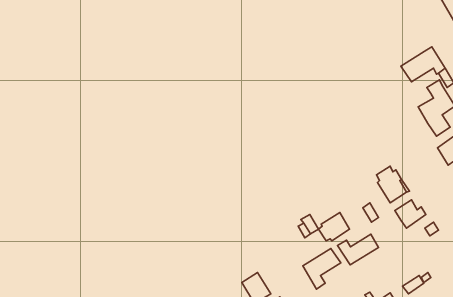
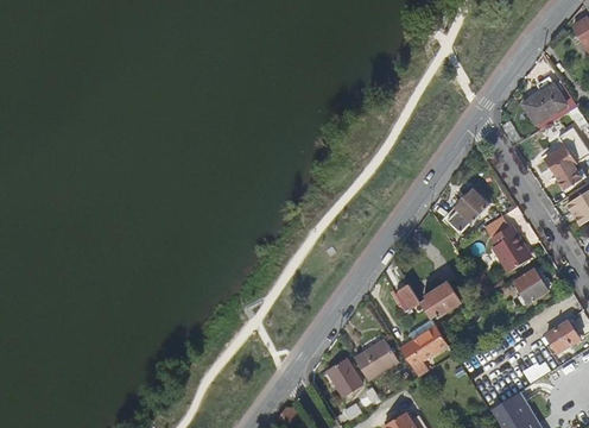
building: none -> [444,188,489,233]
building: [337,234,378,265] -> none
building: none -> [546,321,580,352]
building: none -> [355,340,399,380]

